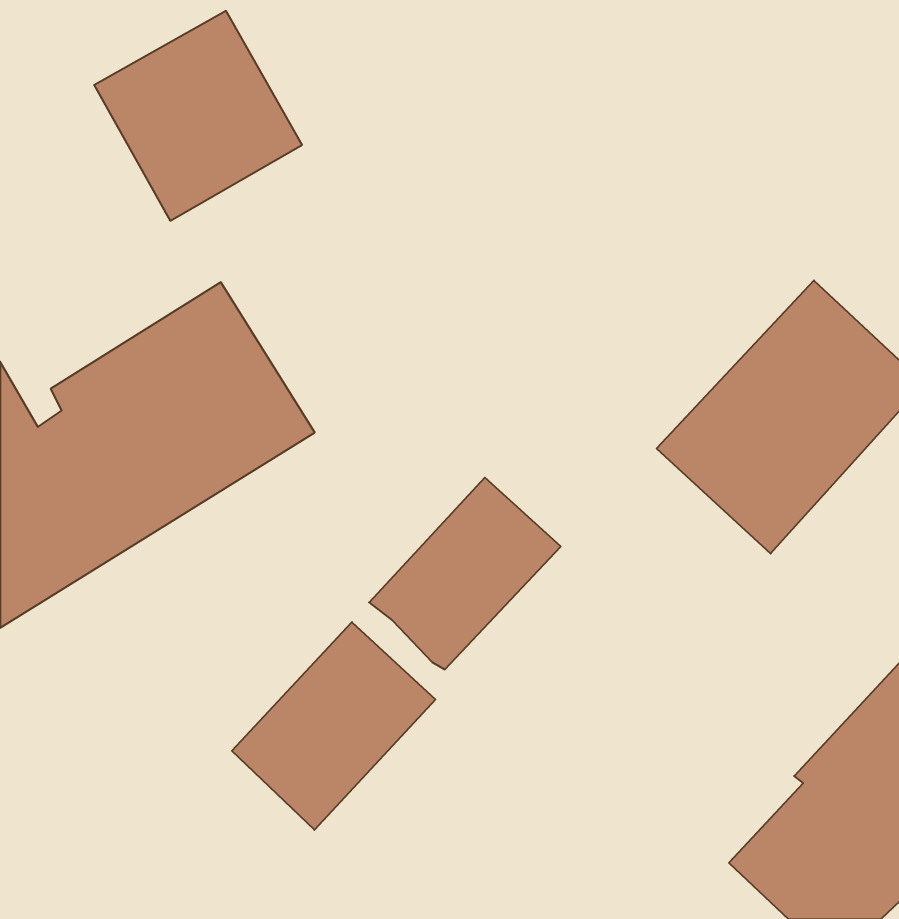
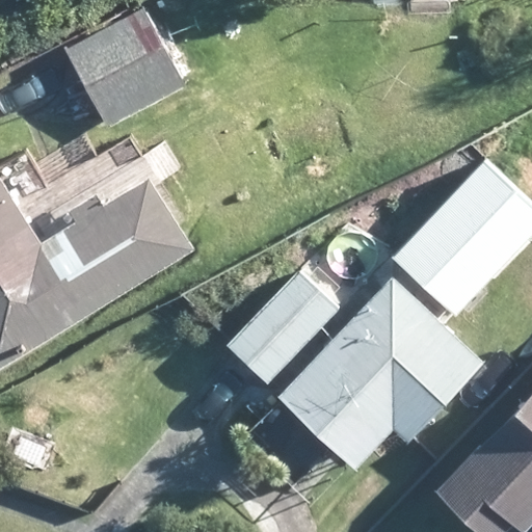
building: none -> [275,276,479,471]
building: [232,622,435,830] -> none

